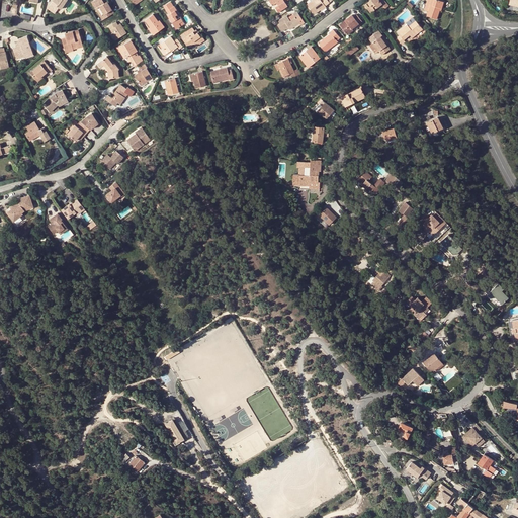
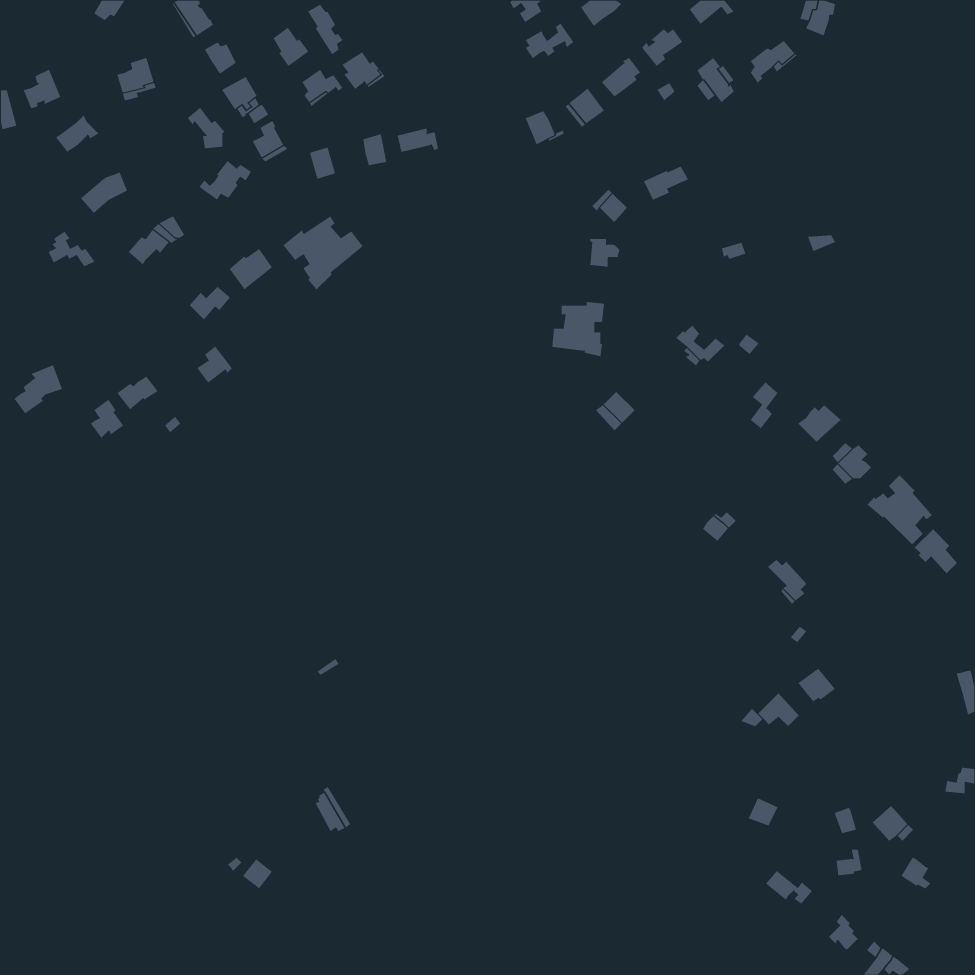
building: none -> [283,215,364,290]
building: none -> [867,475,933,545]

